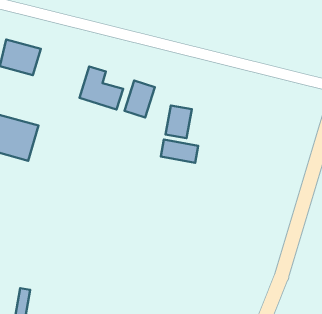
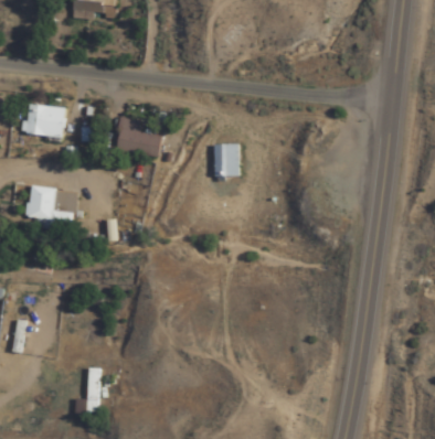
building: [124,80,155,118] -> none
building: [161,140,198,163] -> none

